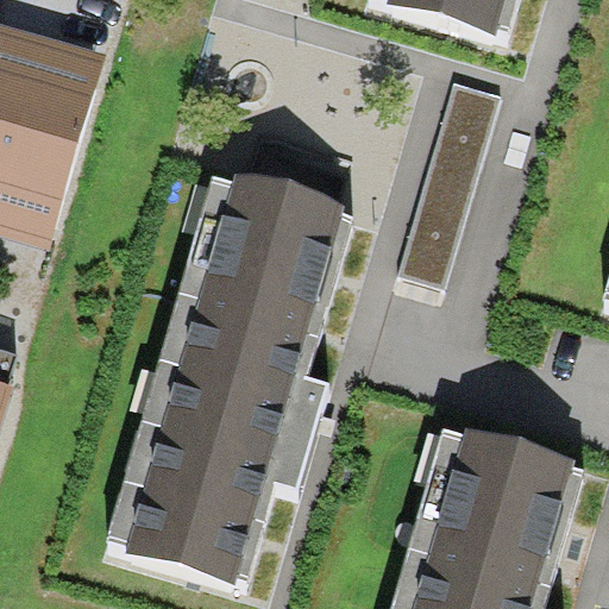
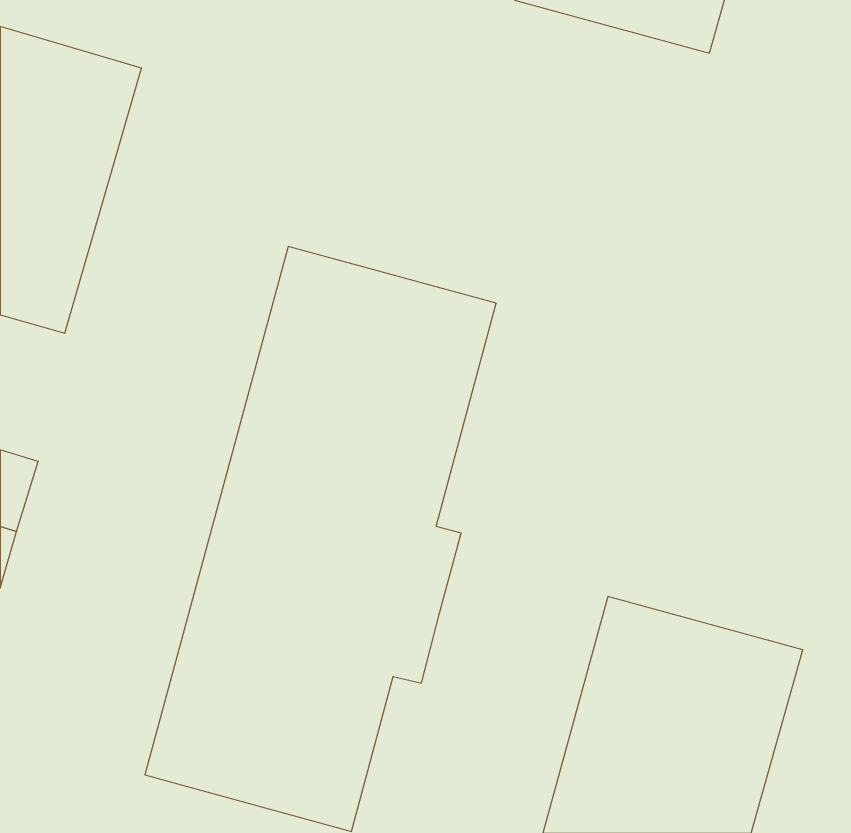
building: [402,76,501,276] -> none

